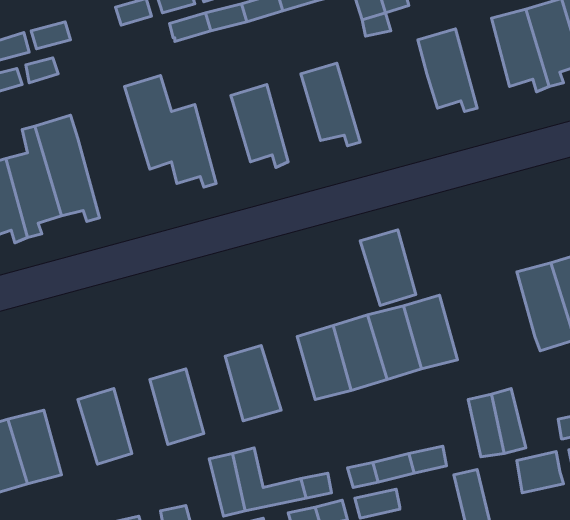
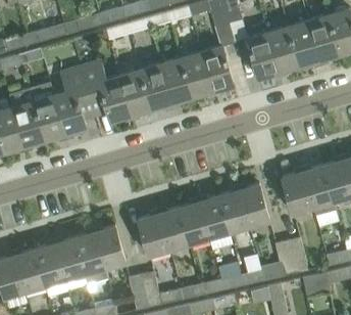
building: none -> [268,27,299,78]
building: none -> [201,46,234,97]
building: none -> [161,58,192,108]
building: none -> [54,65,95,140]
building: none -> [120,71,152,121]
building: [360,230,416,305] -> [282,171,313,214]
building: none -> [158,208,189,250]
building: none -> [74,232,108,284]
building: none -> [35,243,65,286]

